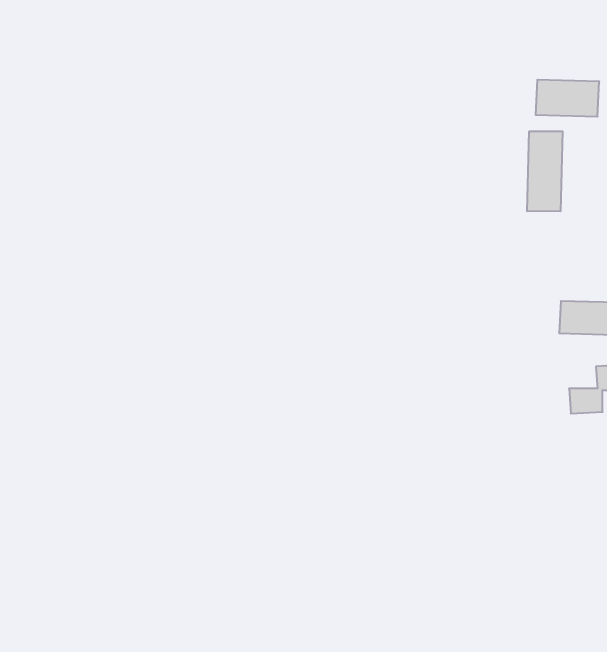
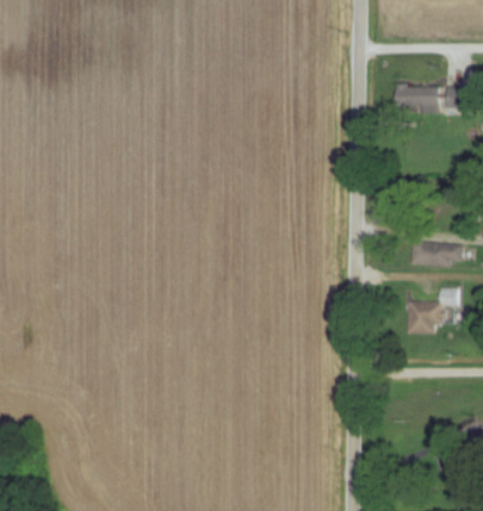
building: [527,131,563,211] -> none

